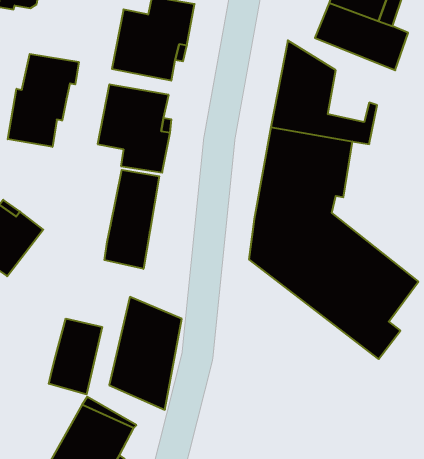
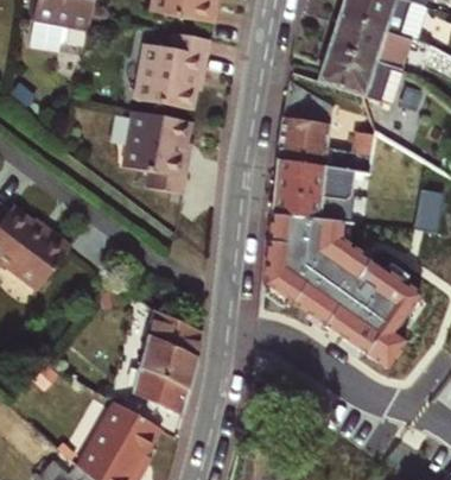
building: [8,54,79,147] -> none
building: [104,170,159,269] -> none
building: [49,319,102,394] -> none

